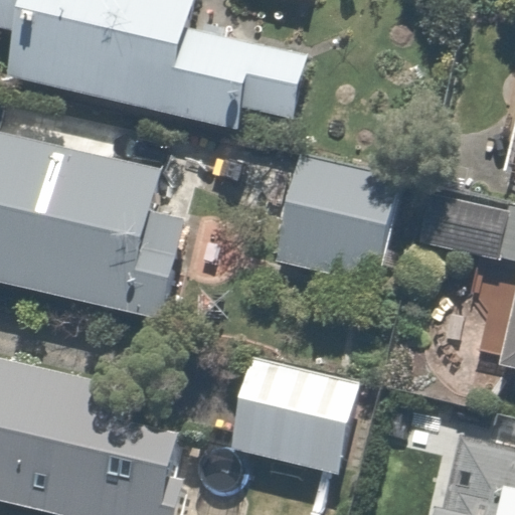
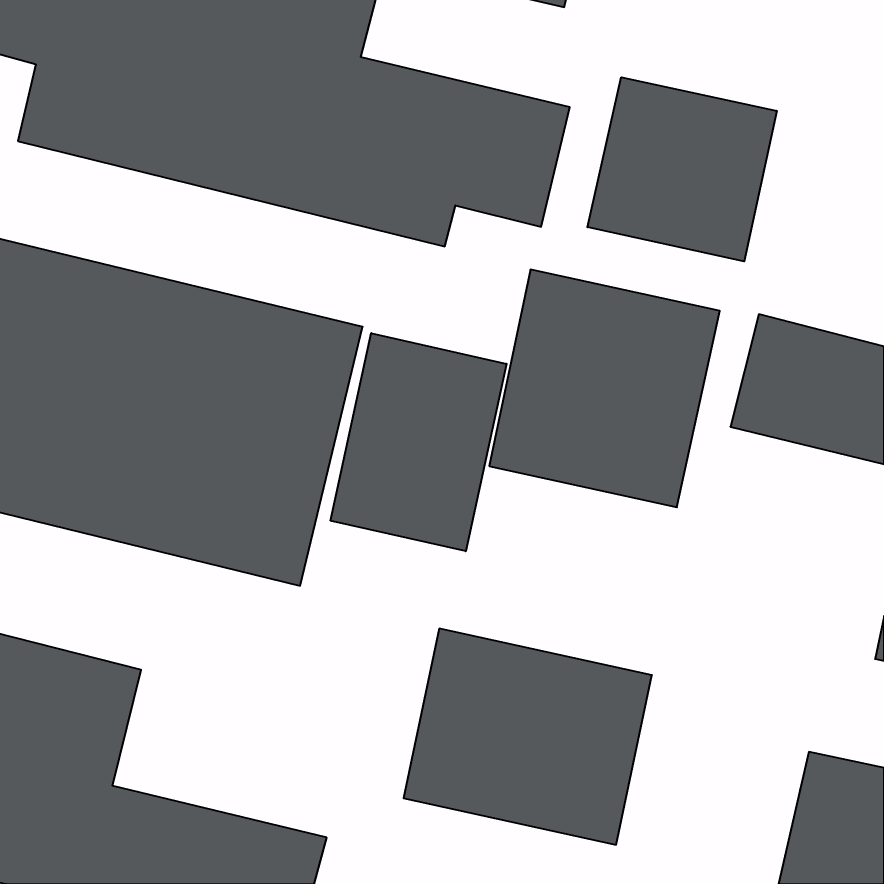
building: none -> [587,77,777,261]
building: none -> [331,333,507,551]

